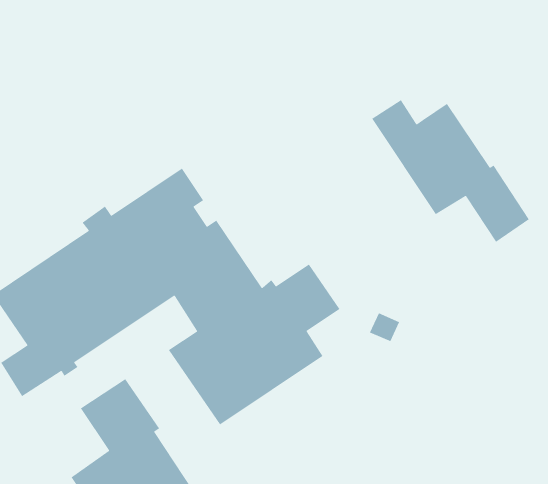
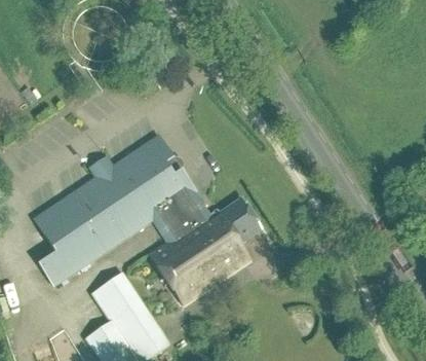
building: [371,99,530,243] -> none

